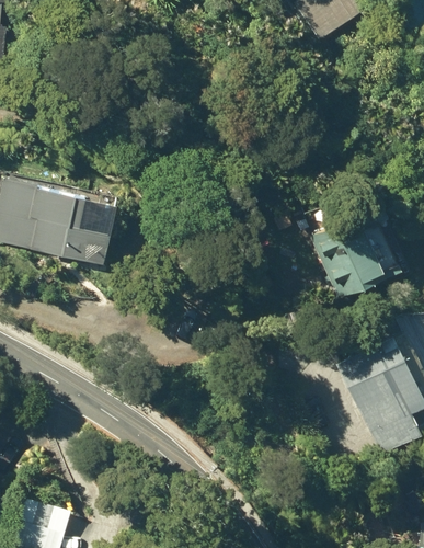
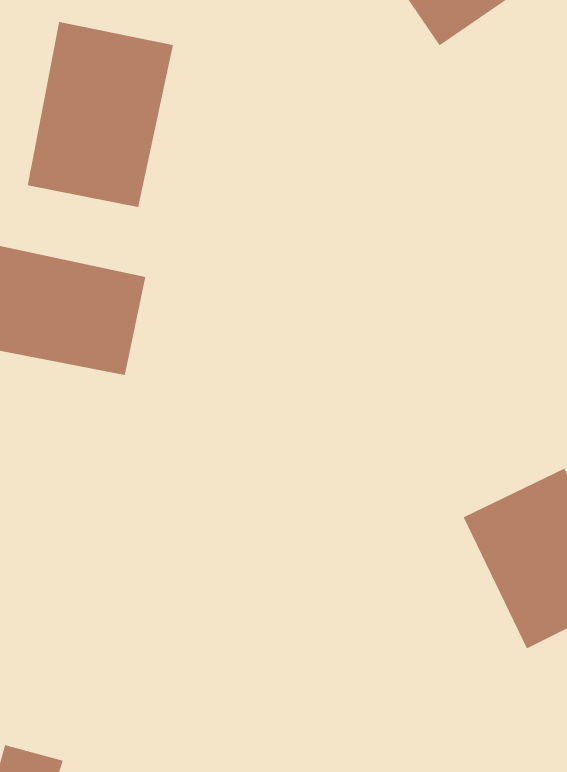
building: none -> [27,21,173,208]
building: [313,215,393,297] -> none

